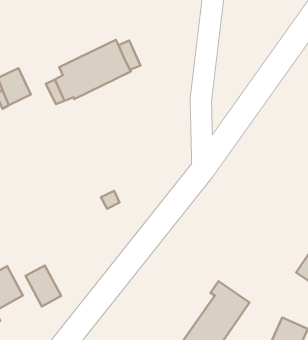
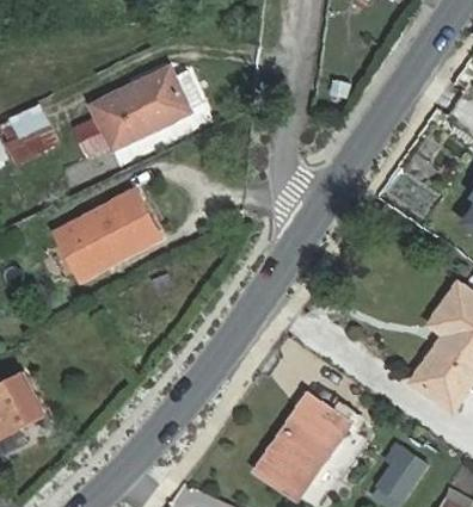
building: none -> [56,191,156,278]
building: [26,265,61,306] -> none

